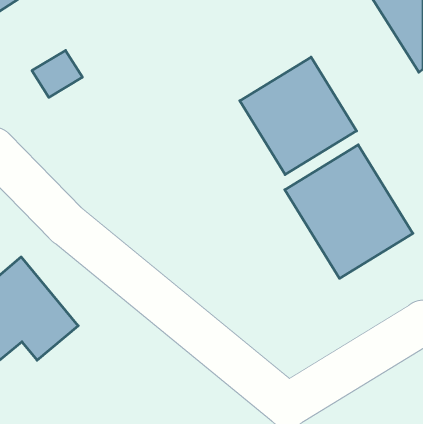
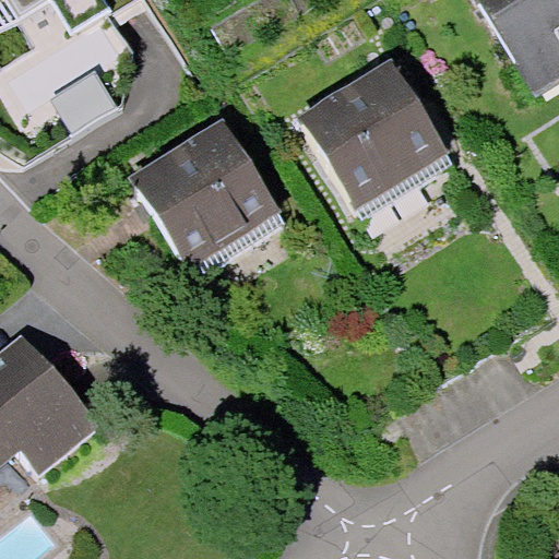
building: none -> [122,112,272,263]
building: [285,145,413,278] -> none

